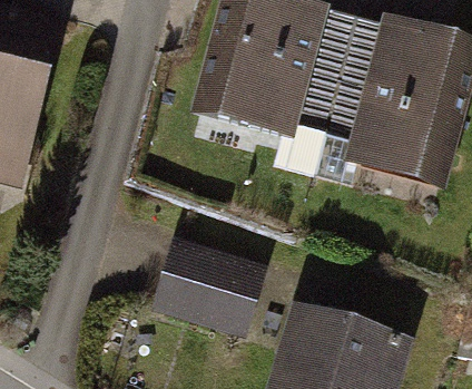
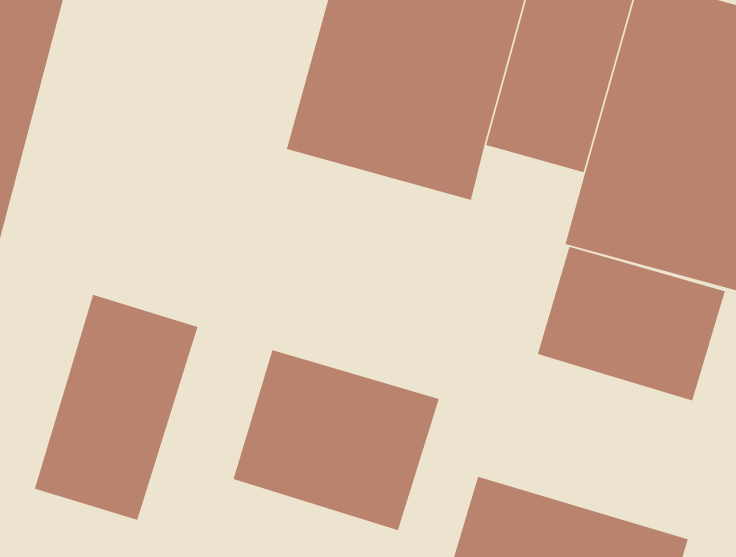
building: none -> [537,246,726,402]
building: none -> [34,294,198,521]

